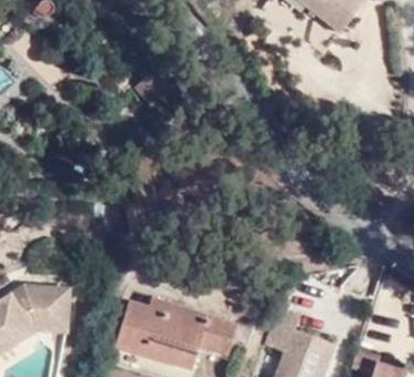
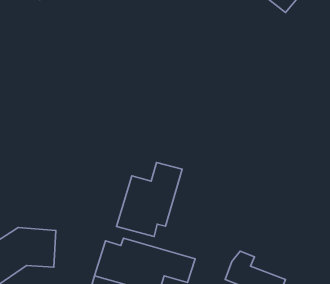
building: none -> [116,162,182,236]

